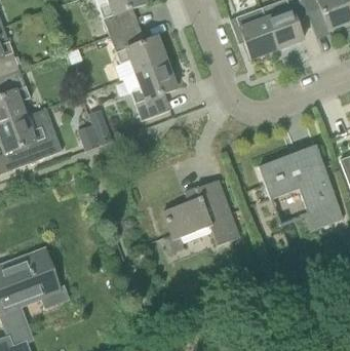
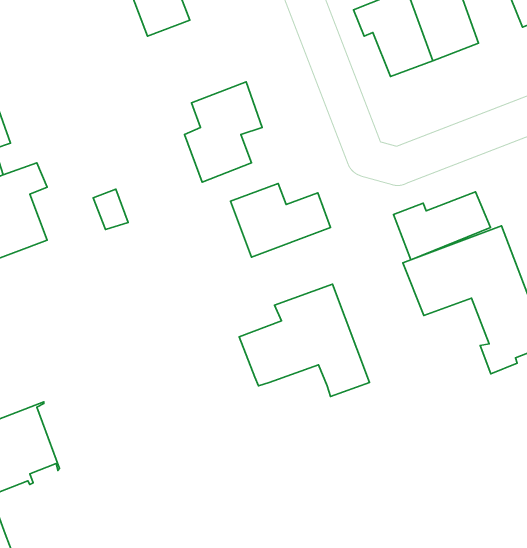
building: [110,26,167,74] -> none
building: none -> [231,183,331,257]
building: none -> [393,192,490,260]

